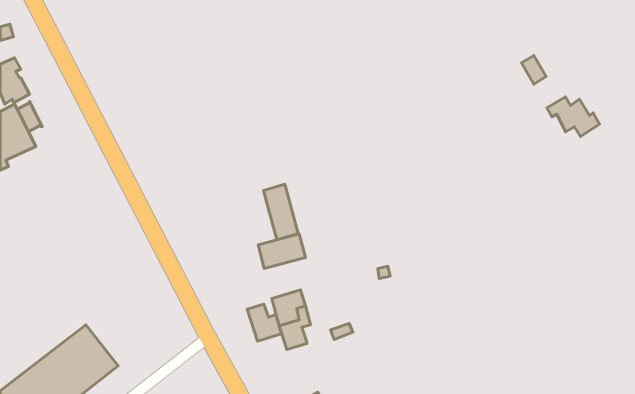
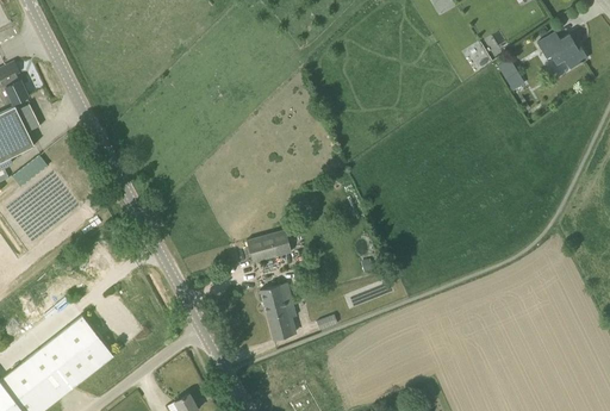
building: [547,97,599,137] -> [537,32,587,70]
building: [263,184,298,240] -> none
building: [247,304,282,341] -> none

